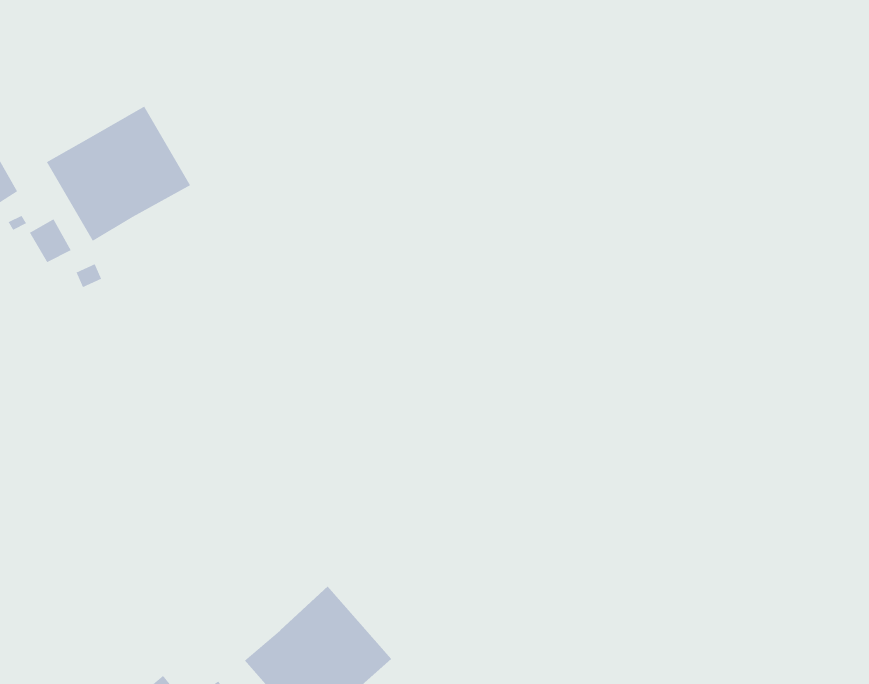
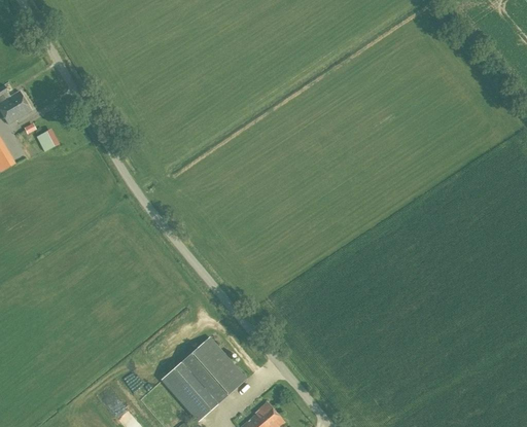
building: [46,106,191,242] -> none

